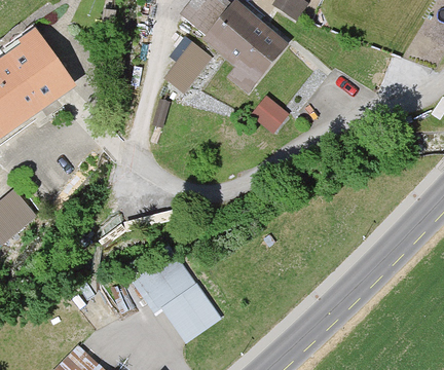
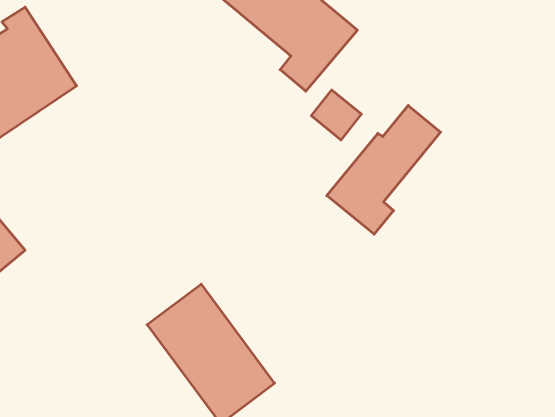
building: [164,42,212,92] -> none
building: none -> [327,105,441,234]

